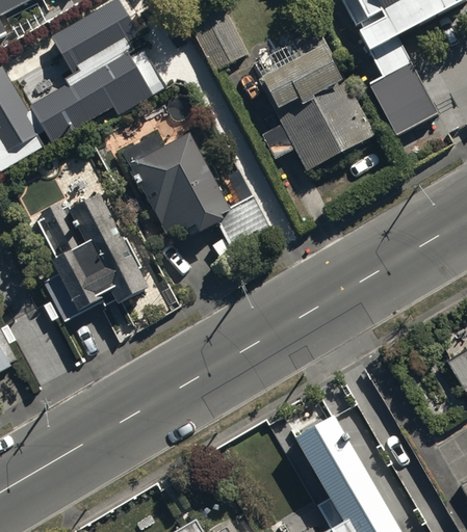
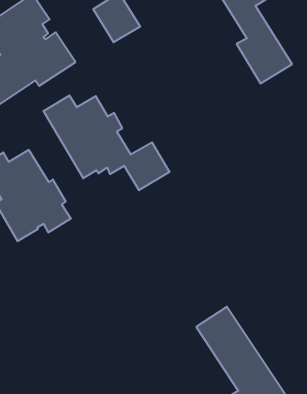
building: [257,26,379,170] -> none

